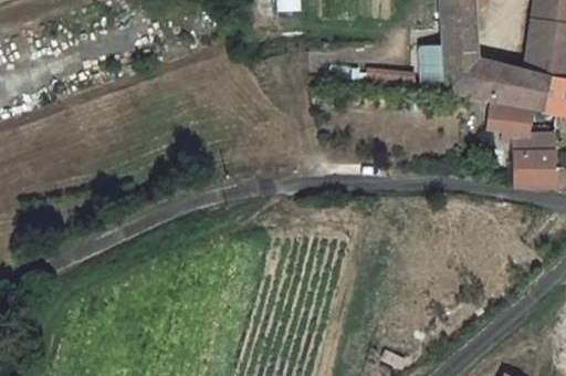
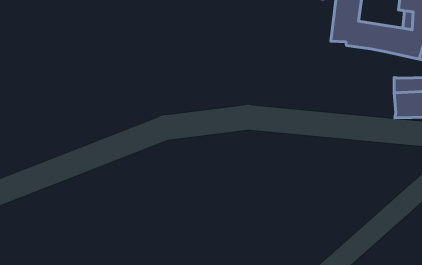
building: [486,97,524,135] -> none

